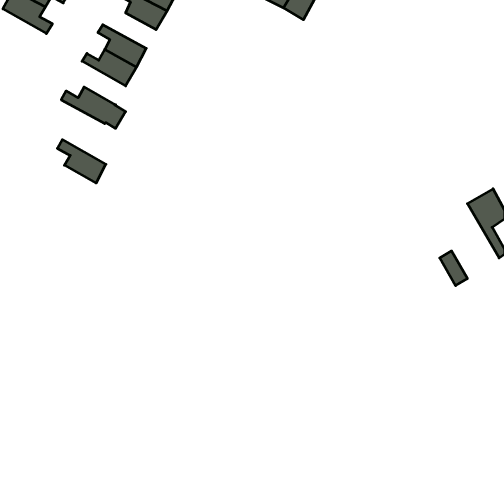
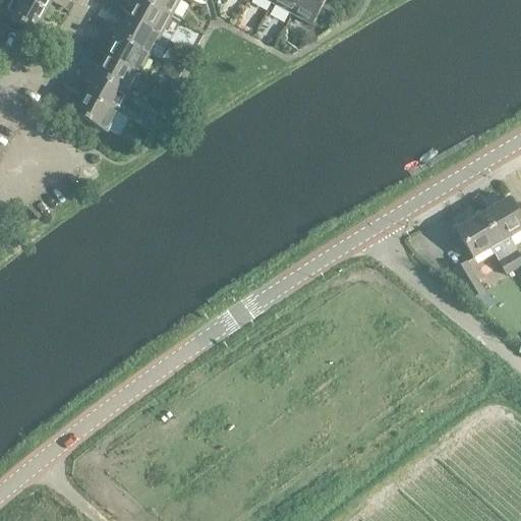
building: none -> [107,13,162,50]
building: [57,140,106,183] -> [80,63,130,108]
building: none -> [456,210,515,271]

